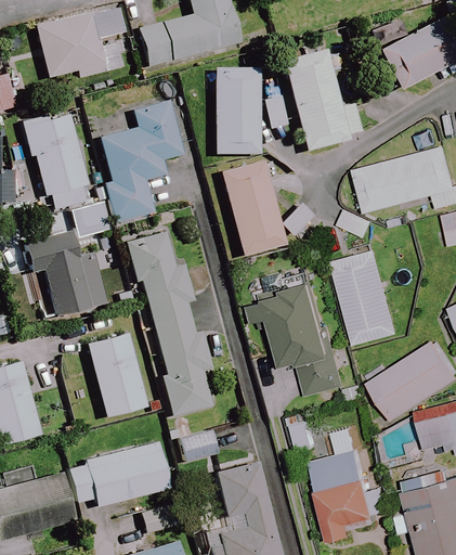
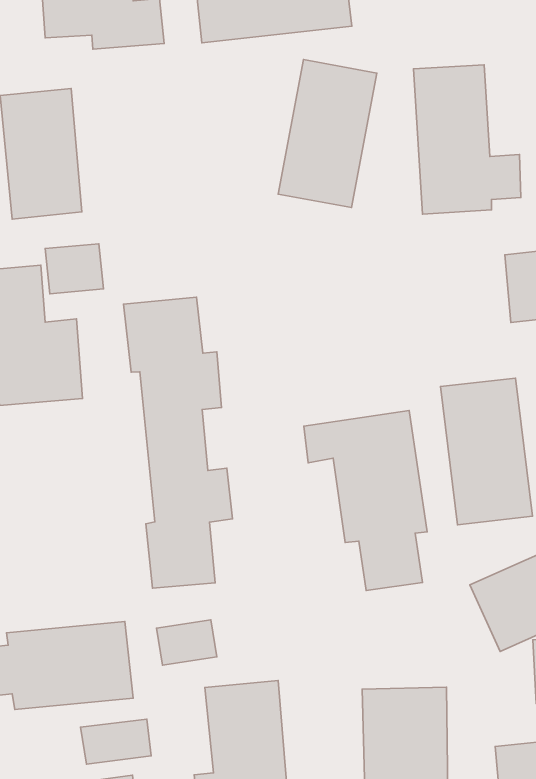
building: [97,103,184,227] -> none
building: [219,162,282,256] -> none
building: [87,336,144,417] -> none

